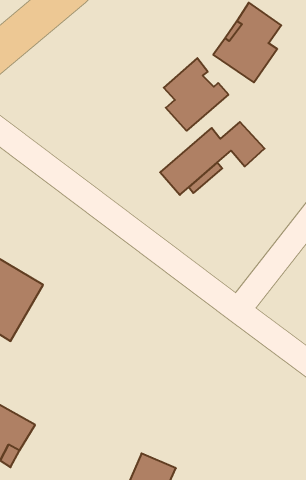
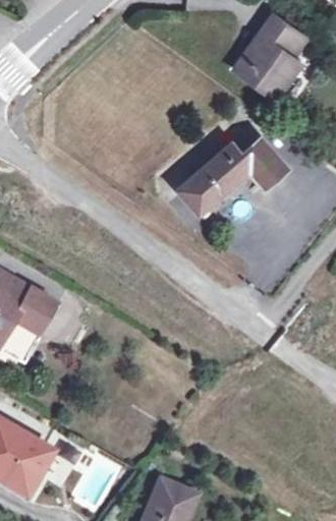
building: [164,58,228,131] -> none

